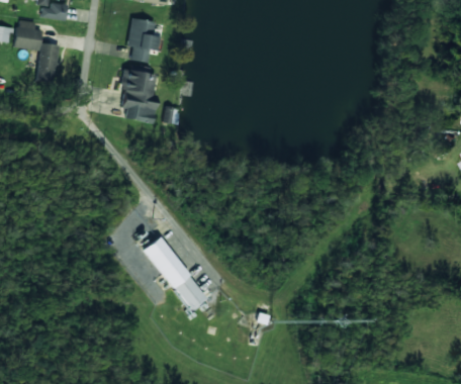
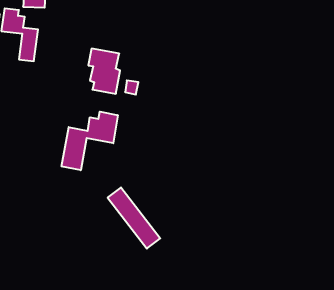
building: [127,18,158,63] -> none
building: none -> [62,112,118,170]

